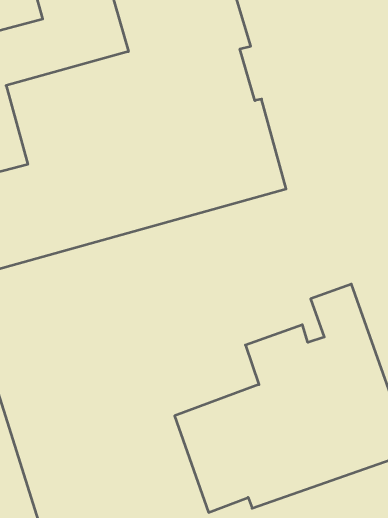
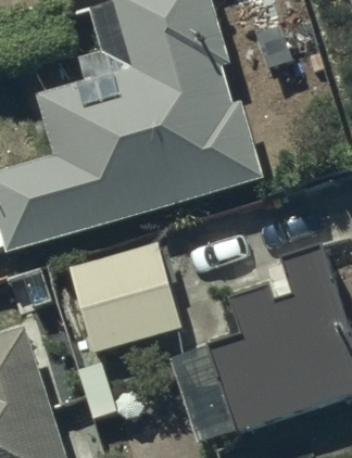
building: none -> [71,243,180,354]

